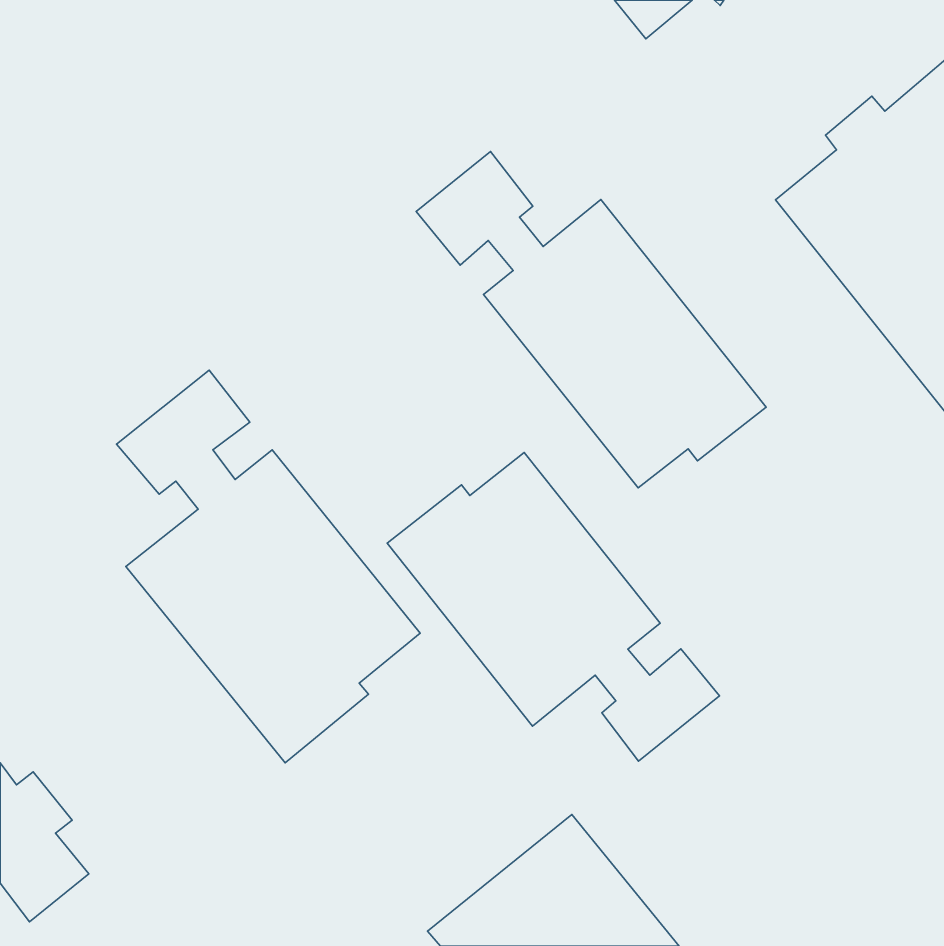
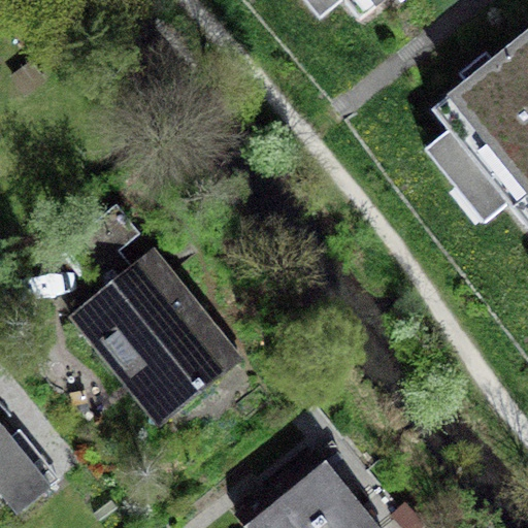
building: [416,151,766,488] -> none
building: [387,453,719,761] -> none

